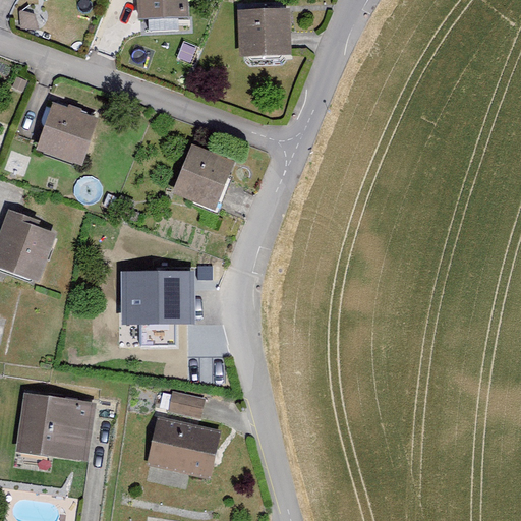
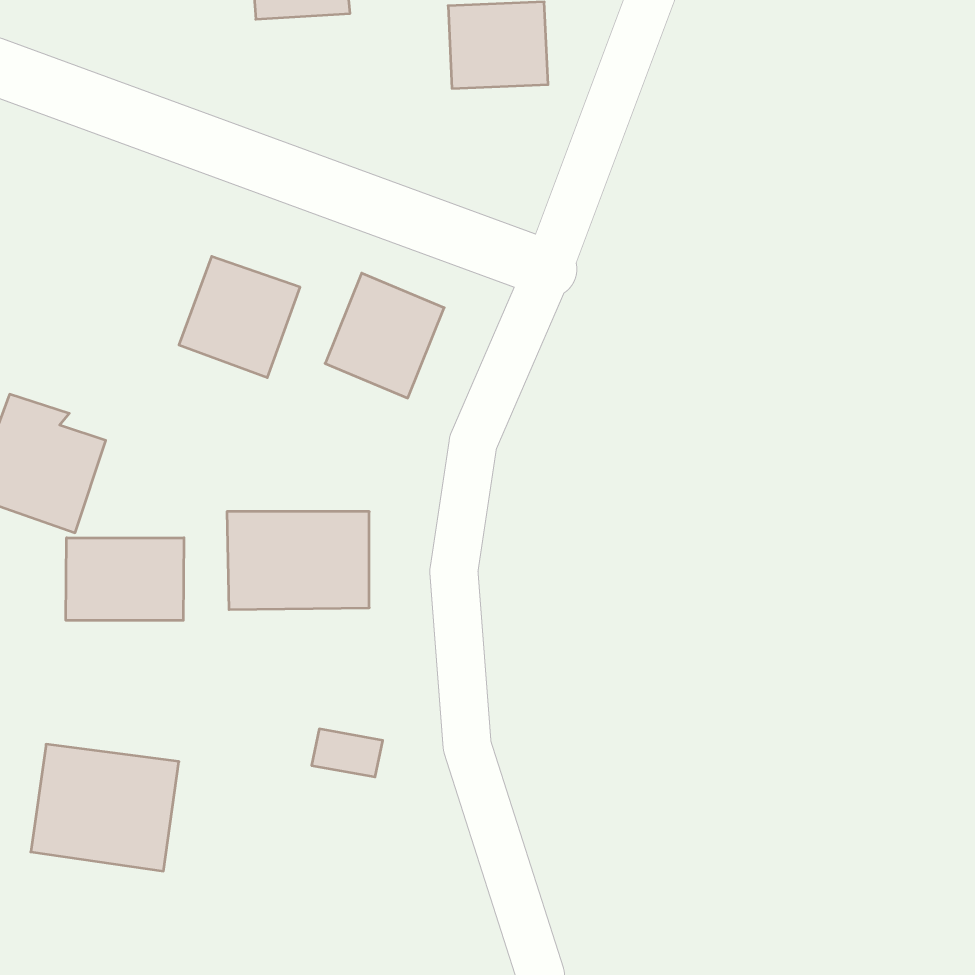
building: [35,104,99,168] -> [179,256,300,378]
building: none -> [66,538,184,620]
building: [146,418,221,481] -> none

